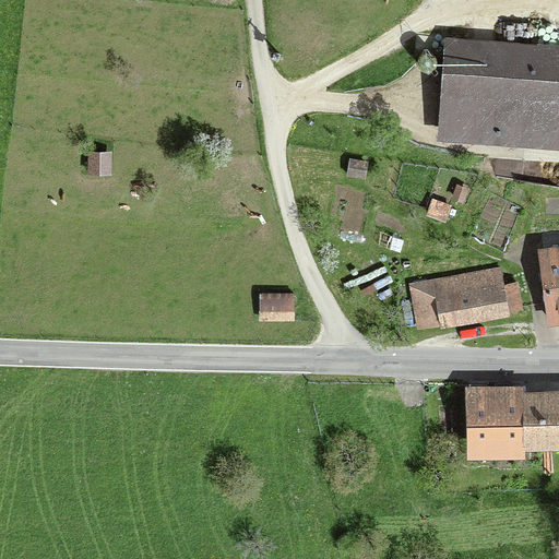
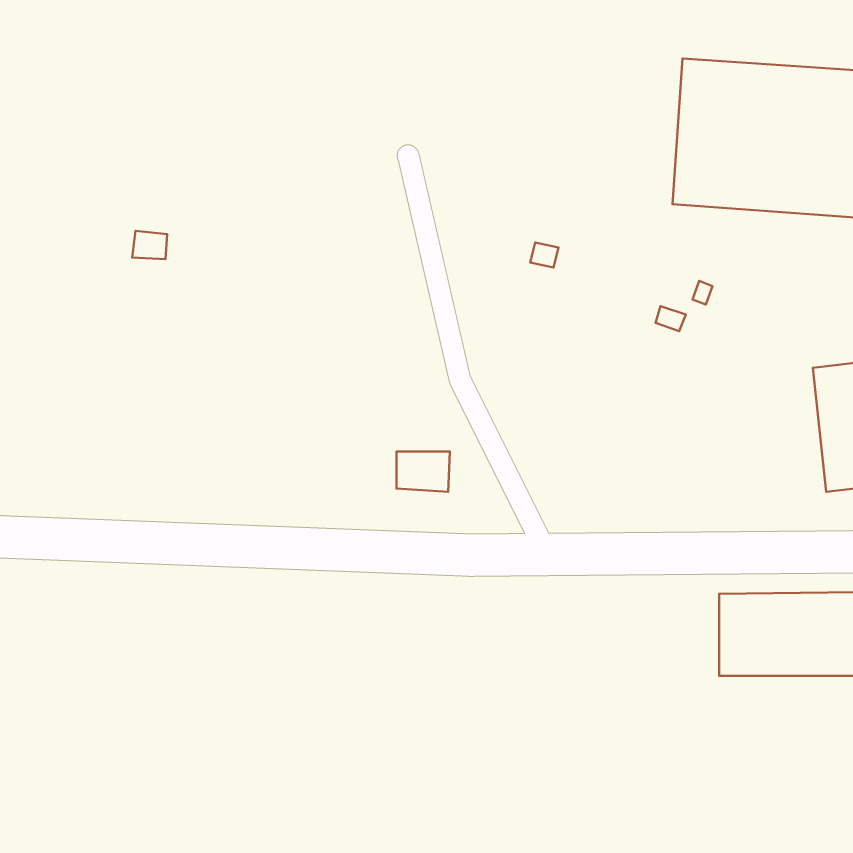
building: [411,271,509,330] -> none

